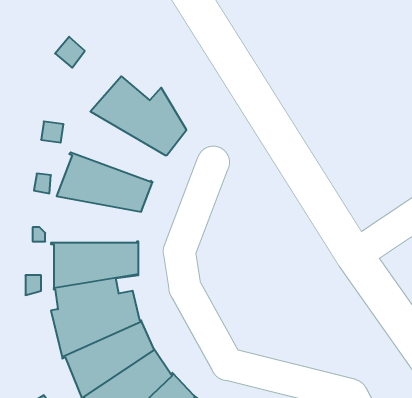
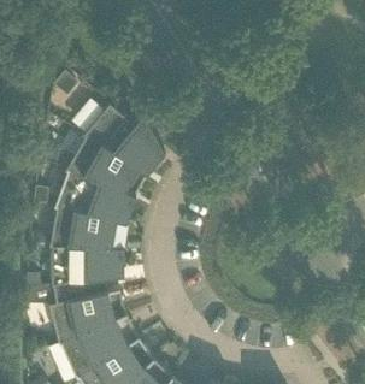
building: none -> [66,132,148,193]
building: none -> [49,205,128,244]

